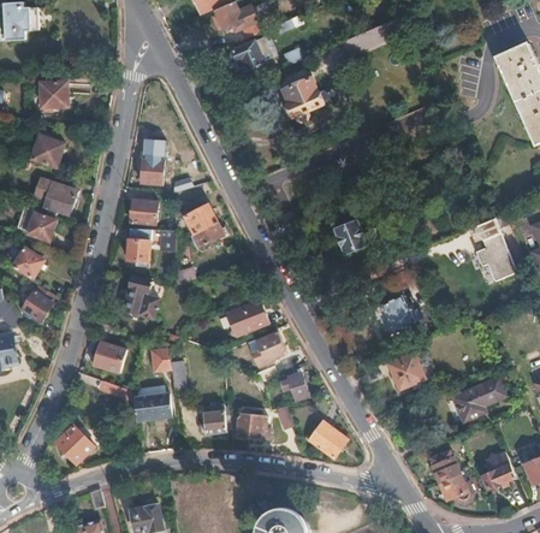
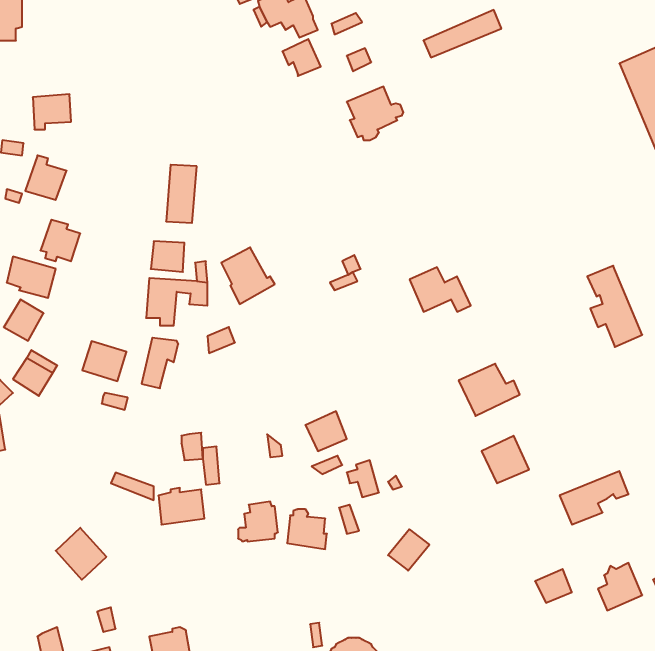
building: [229,300,268,331] -> none
building: [94,340,129,372] -> [82,341,127,381]
building: [440,474,473,503] -> none

